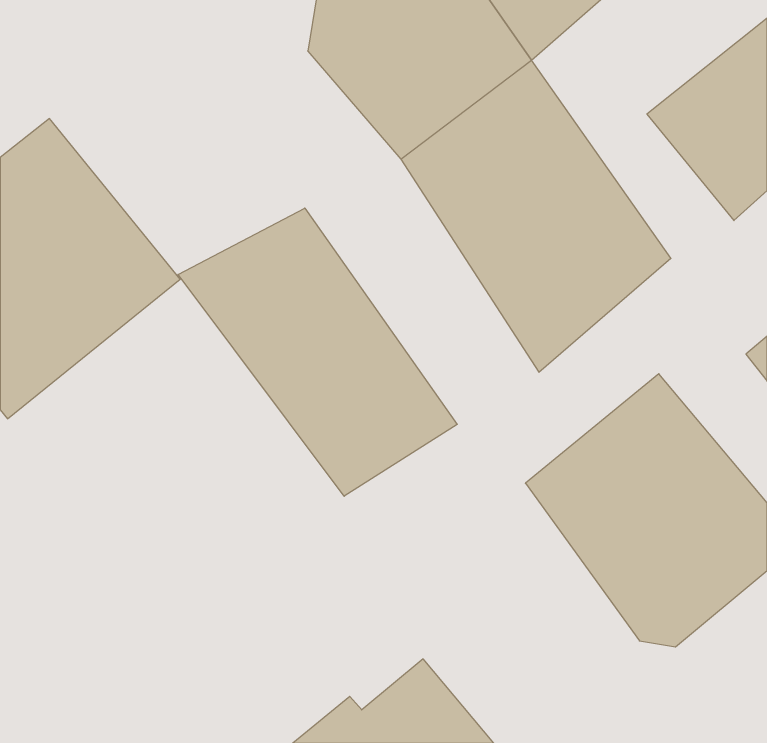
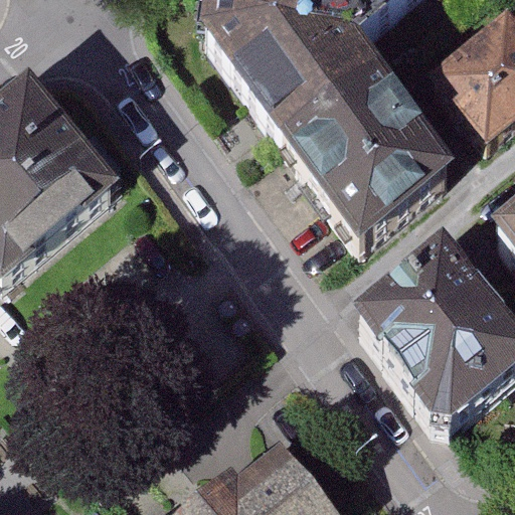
building: [178,208,457,496] -> none

